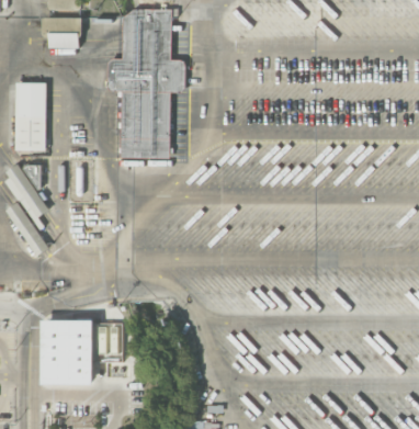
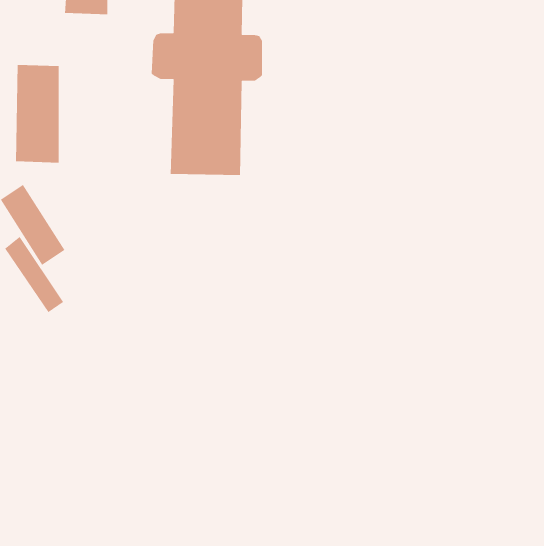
building: [41,321,120,385] -> none

